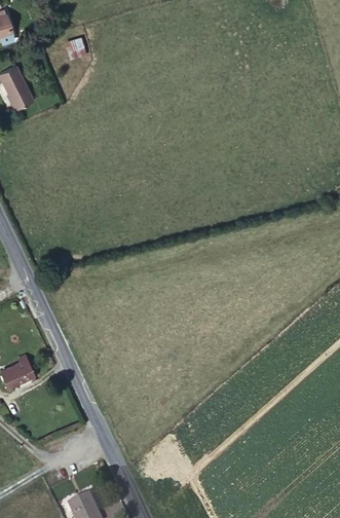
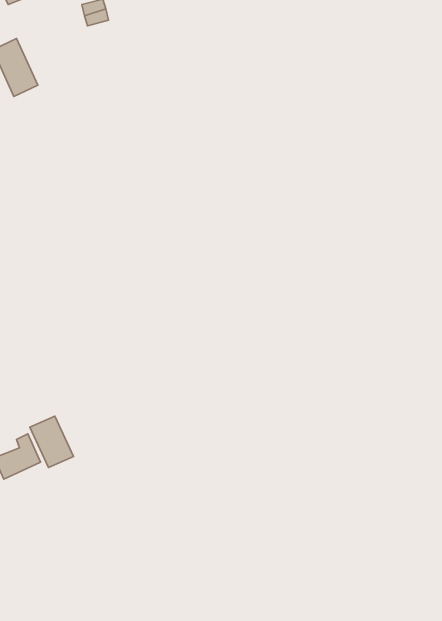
building: none -> [30,416,73,468]

